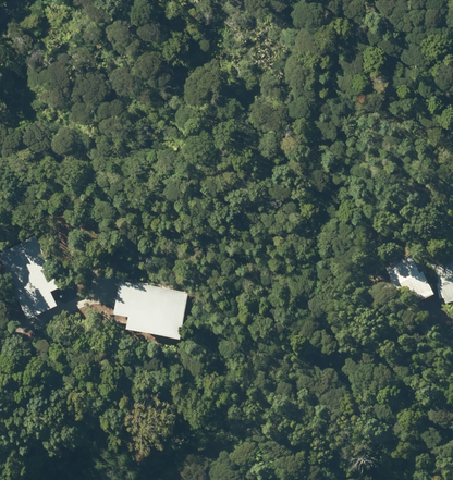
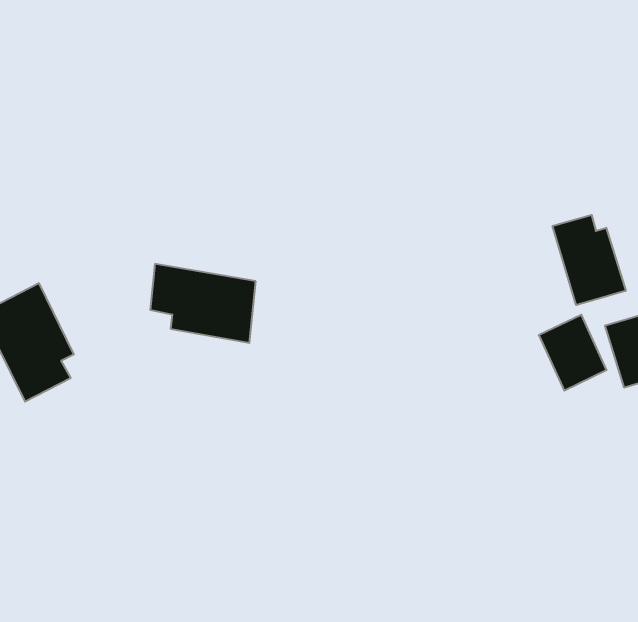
building: none -> [553,215,626,305]
building: [118,279,191,333] -> [150,264,256,343]

